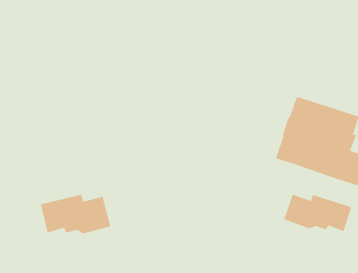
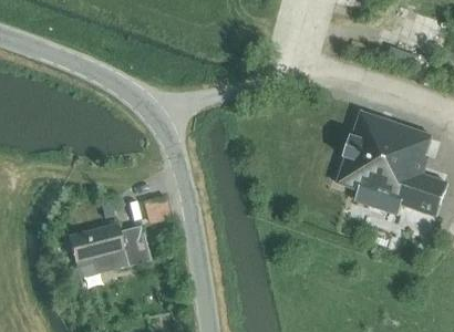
building: [283,194,352,232] -> none

